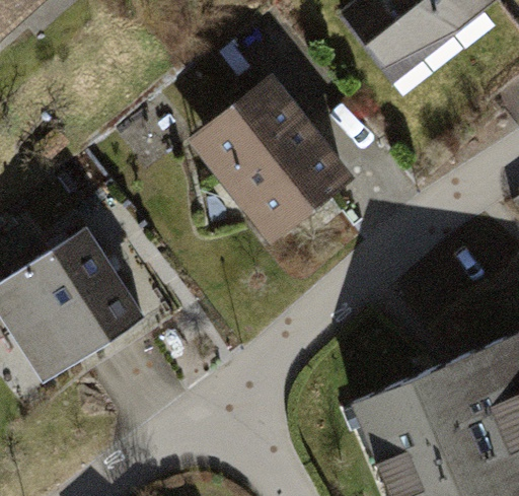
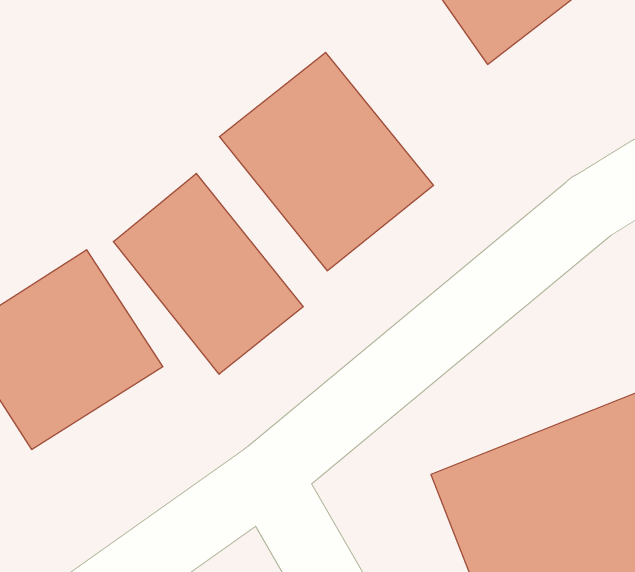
building: none -> [113,173,303,374]

